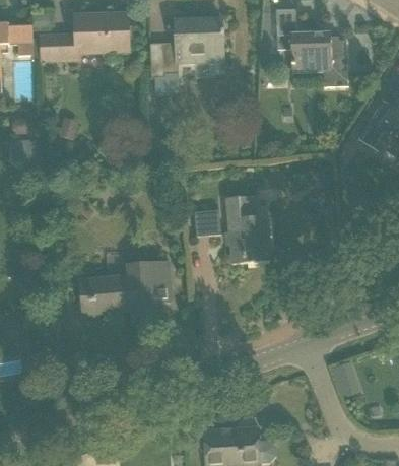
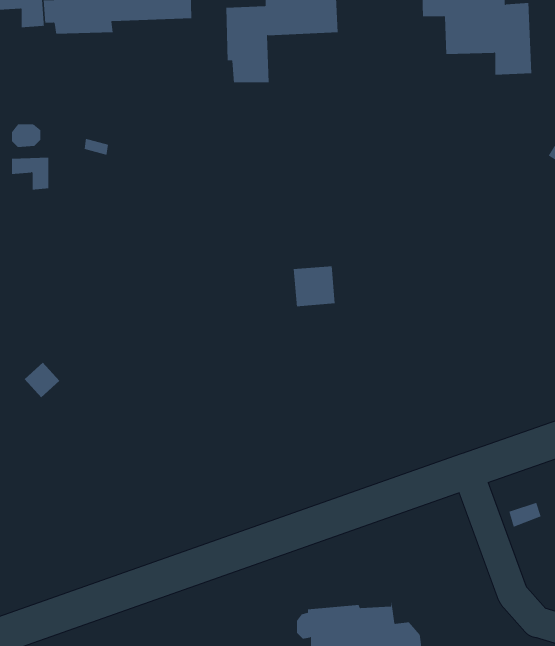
building: [225,193,271,262] -> none
building: [80,261,173,316] -> none

